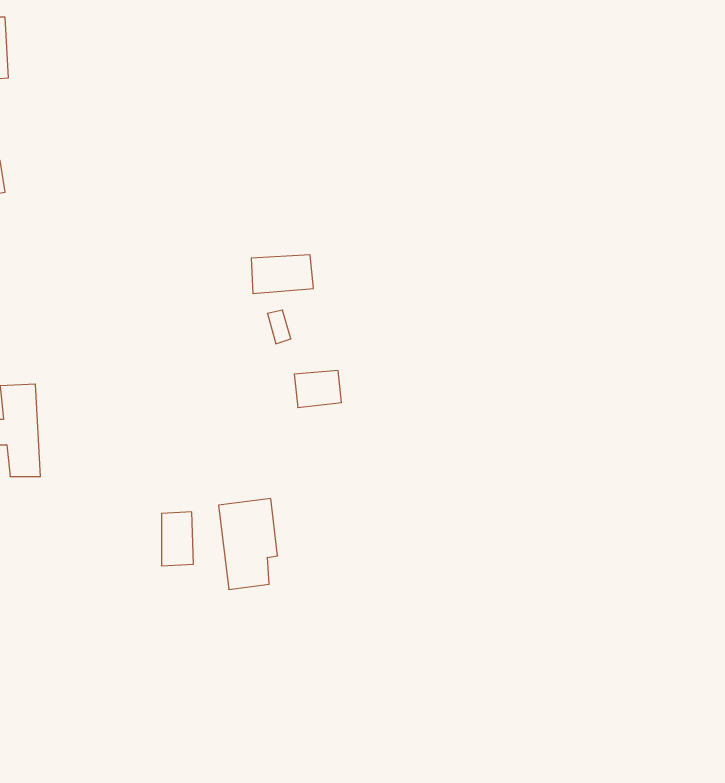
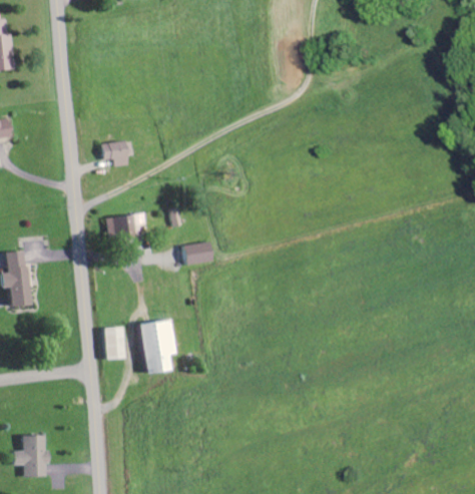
building: none -> [101,140,127,166]
building: [251,255,313,294] -> [106,214,143,237]
building: none -> [13,435,47,476]

